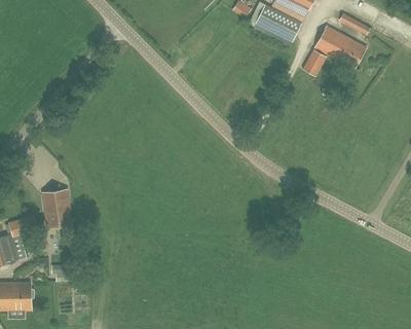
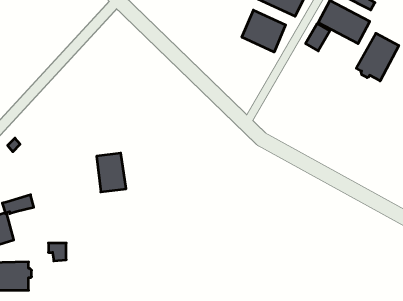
building: none -> [242,10,286,52]
building: none -> [356,33,399,81]
building: [42,190,71,228] -> [97,153,126,192]

